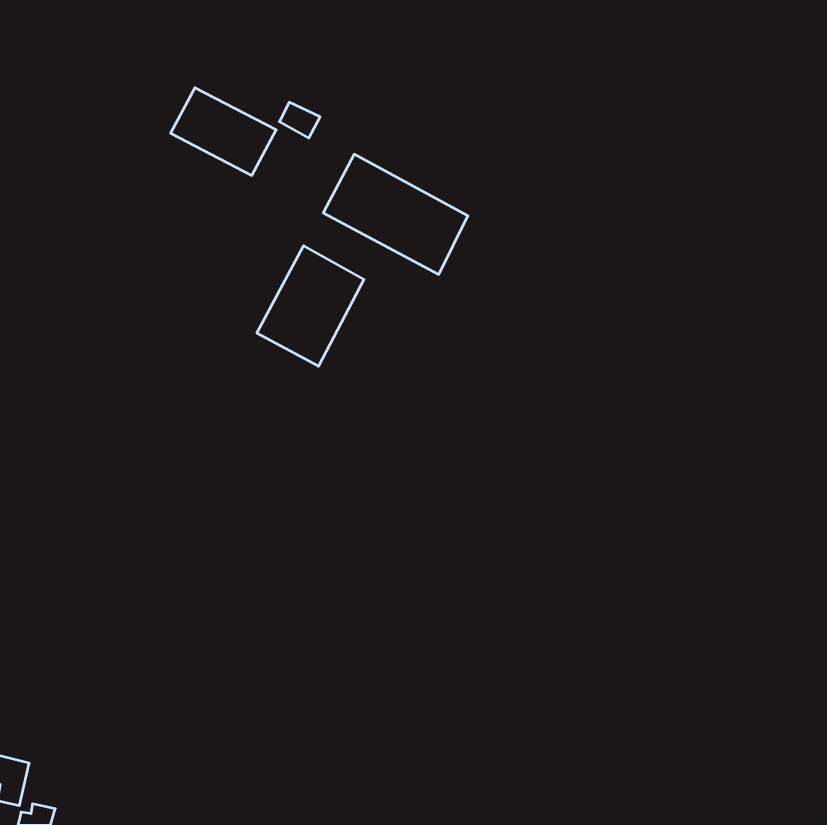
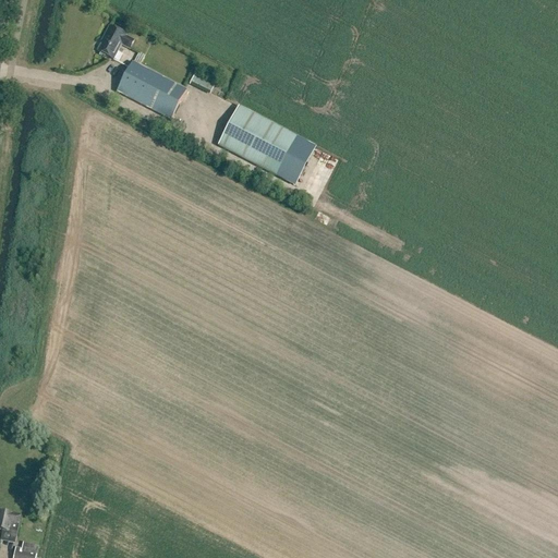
building: none -> [97,23,133,57]
building: [257,246,364,366] -> none

